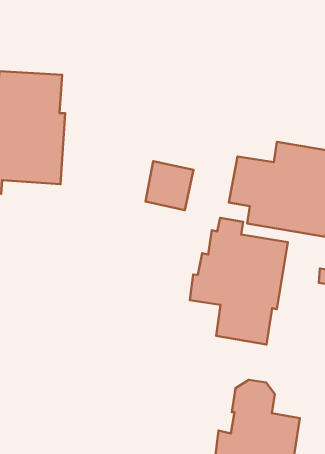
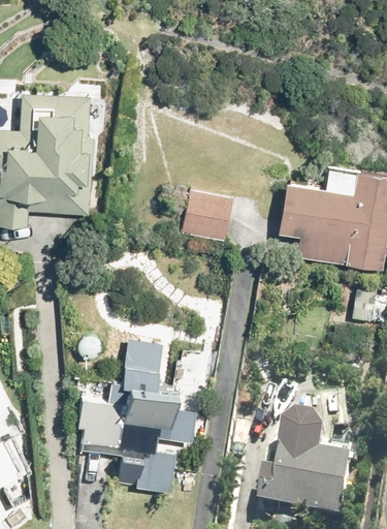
building: [190,218,288,344] -> none
building: none -> [78,341,196,491]

